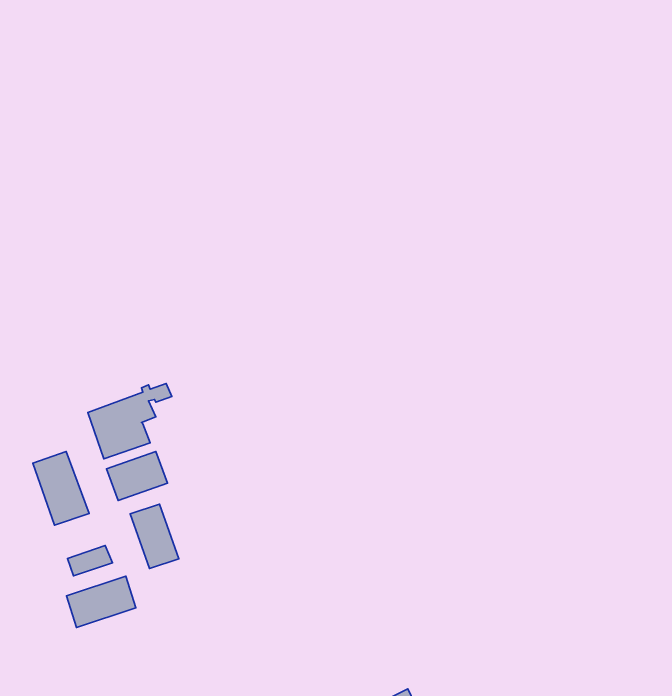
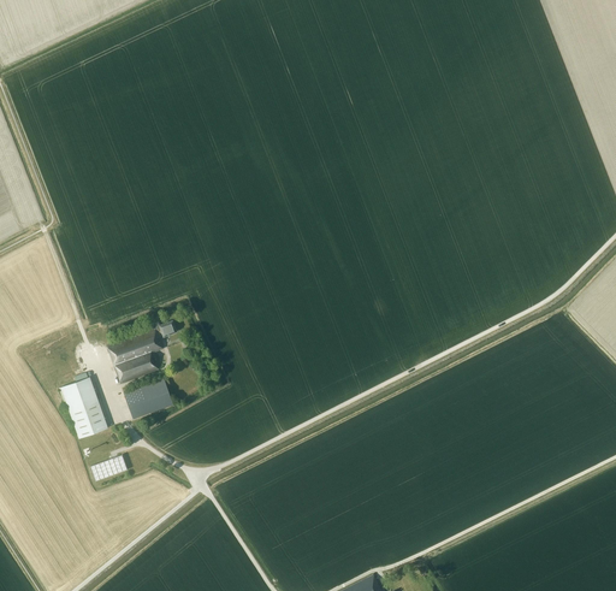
building: [130,504,179,569] -> none
building: [66,576,136,628] -> none

